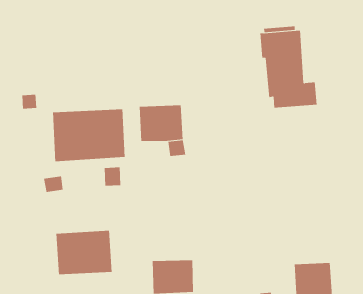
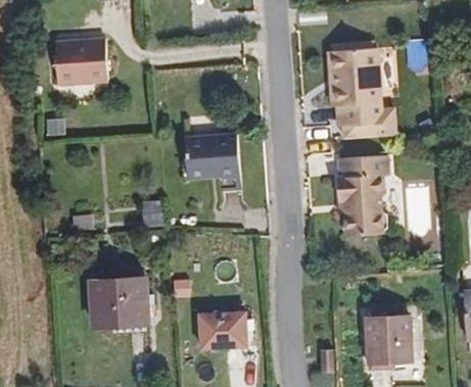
building: none -> [54,38,105,80]
building: [52,108,125,162] -> none
building: none -> [338,153,386,232]

